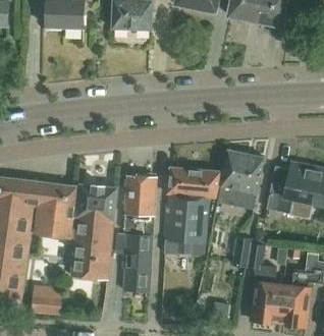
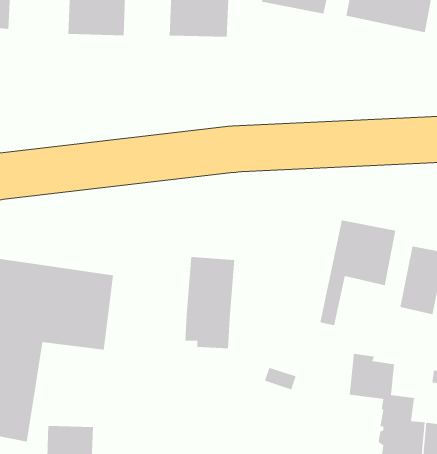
building: [164,167,220,241] -> none
building: [71,187,116,279] -> none
building: [123,234,153,291] -> none

